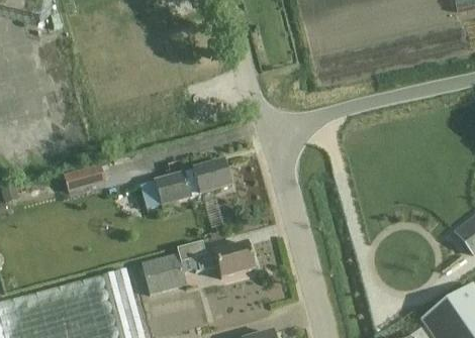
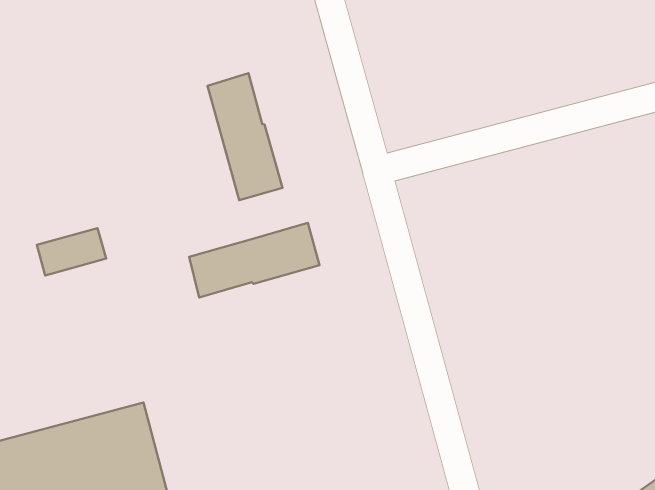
building: none -> [207,73,282,200]
building: [140,241,256,295] -> none

